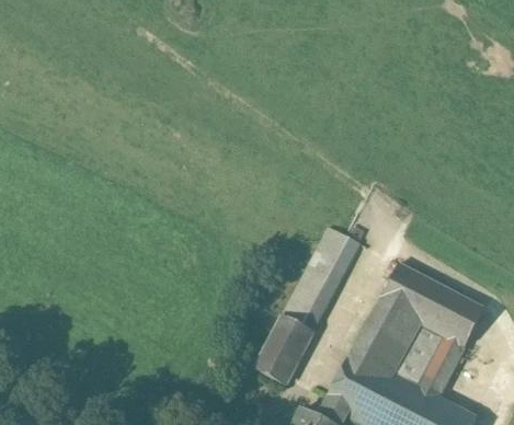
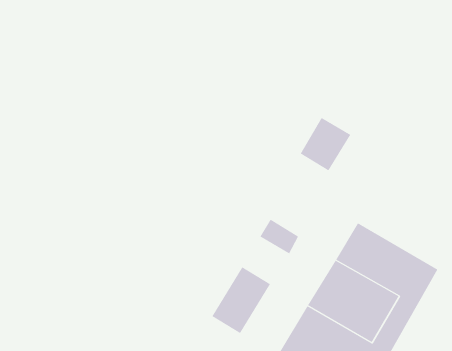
building: [308,228,359,283] -> [300,117,351,171]
building: [282,285,330,333] -> none

